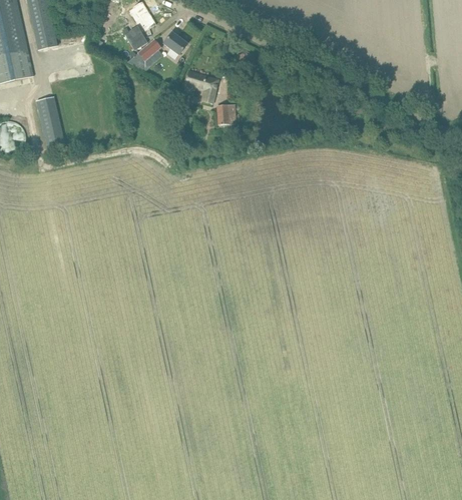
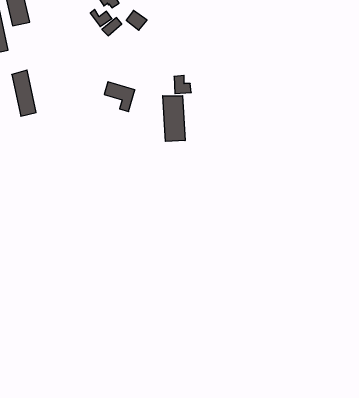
building: [183,69,217,102] -> [104,82,135,112]
building: none -> [163,96,185,141]

